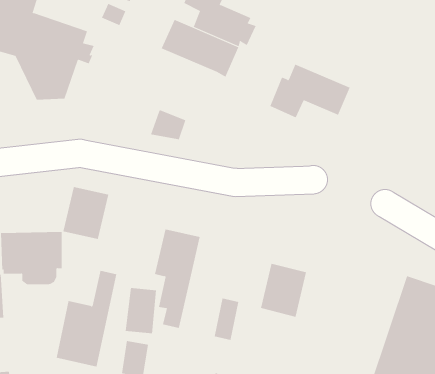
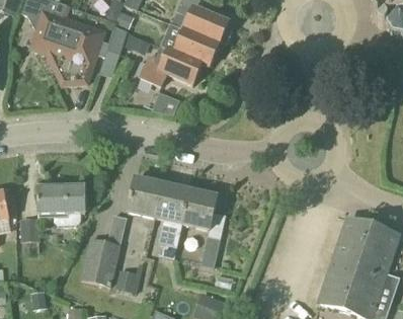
building: none -> [106,24,151,53]
building: [270,64,351,118] -> [141,44,203,85]
building: [63,186,109,240] -> [128,175,163,216]
building: [260,263,307,317] -> [182,187,218,229]

